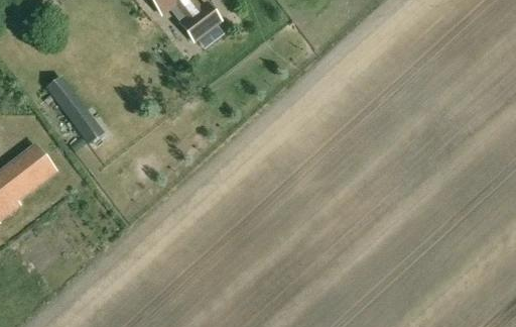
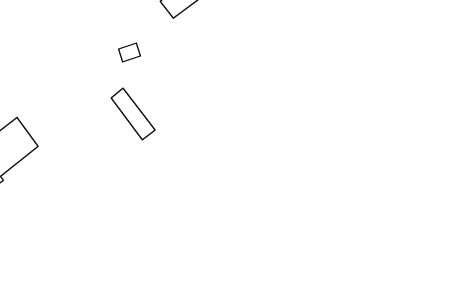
building: [47,77,92,129] -> [111,88,155,140]

